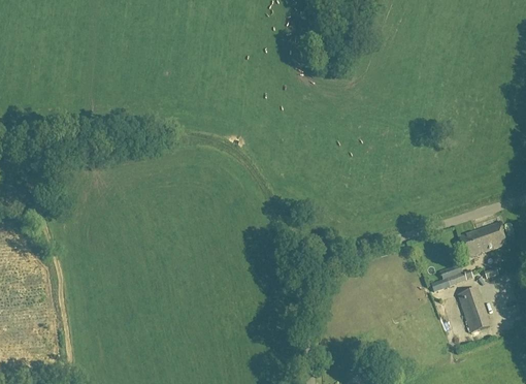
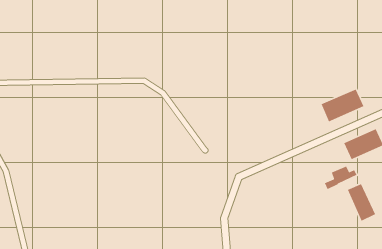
building: none -> [321,89,365,123]

